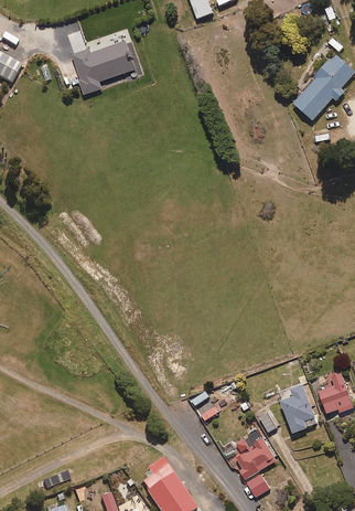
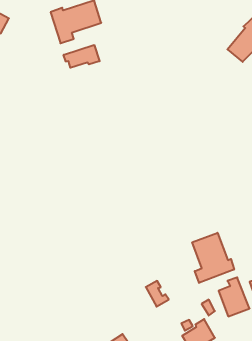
building: none -> [64,45,100,68]
building: none -> [192,233,234,283]

